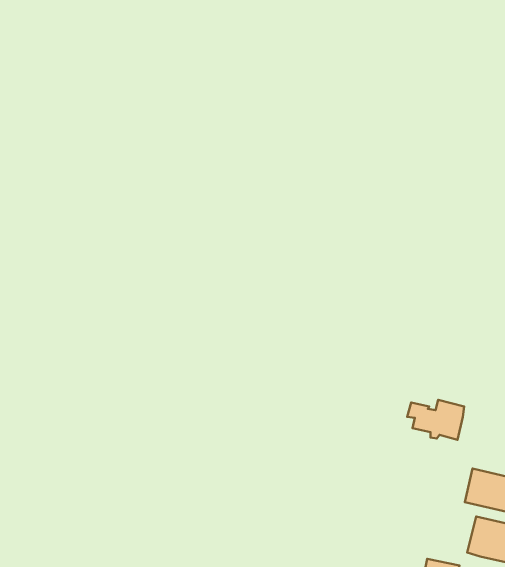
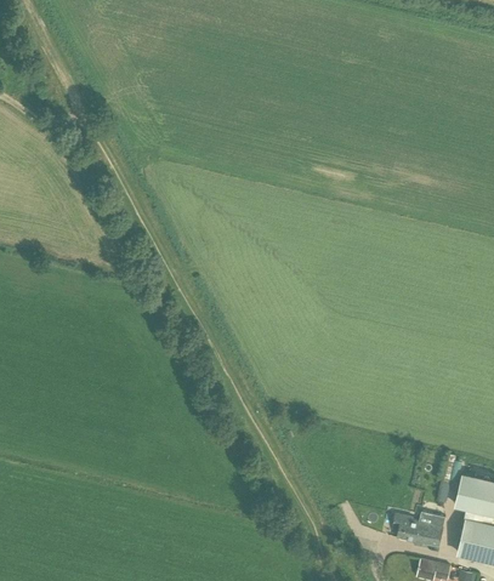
building: [407,400,464,440] -> [392,511,445,548]

